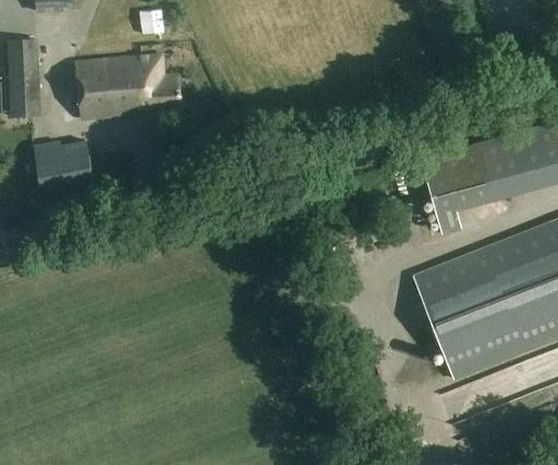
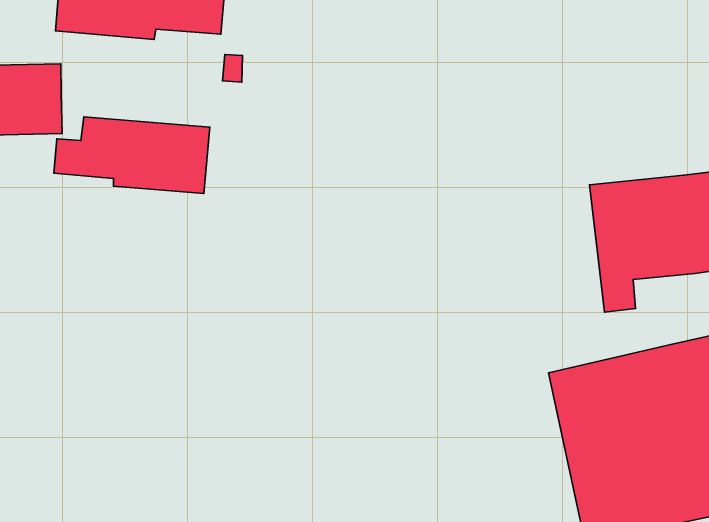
building: none -> [54,117,210,193]

